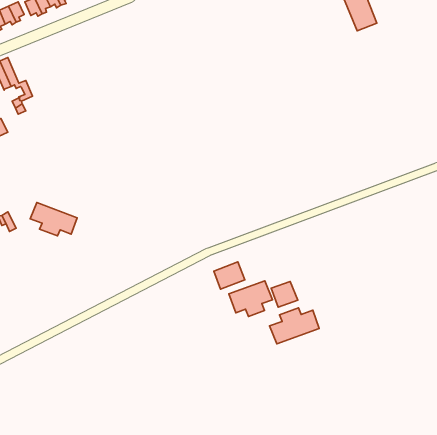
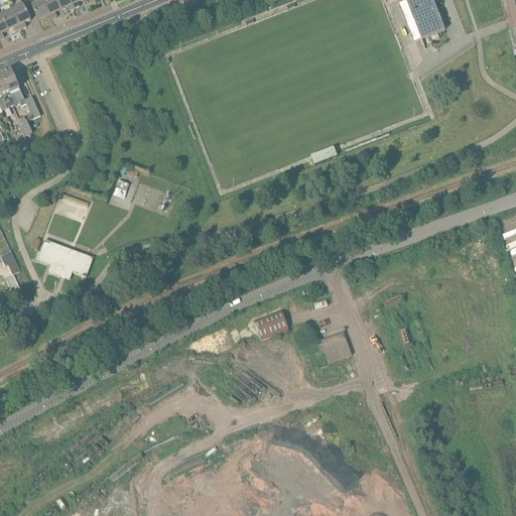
building: [229,281,272,316] -> none
building: [269,308,319,344] -> none

